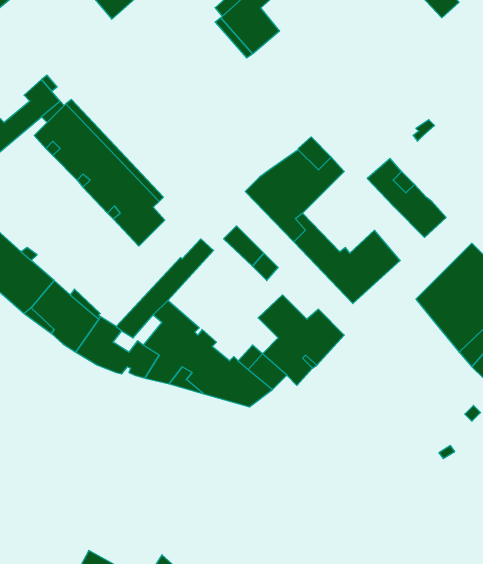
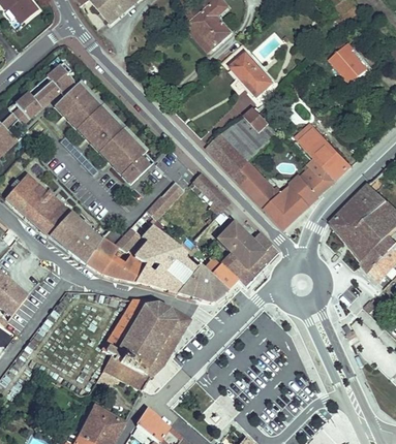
building: none -> [330,42,367,84]
building: none -> [232,54,272,96]
building: none -> [300,159,336,197]
building: none -> [96,299,189,391]

